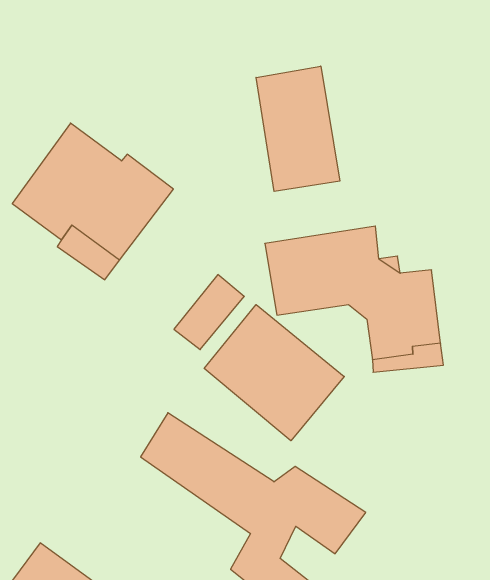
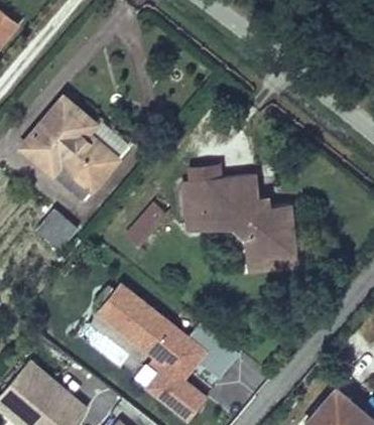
building: [256,66,340,191] -> none
building: none -> [36,207,79,250]
building: [204,305,344,441] -> none

